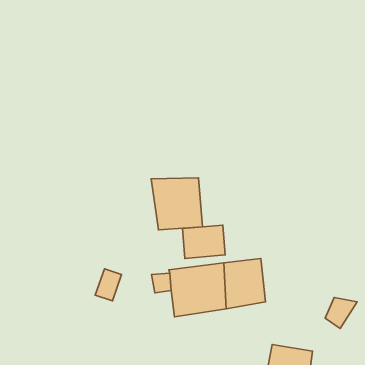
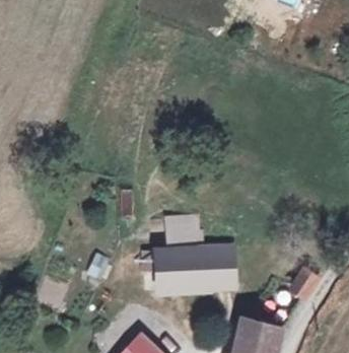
building: [151,178,203,230] -> none

